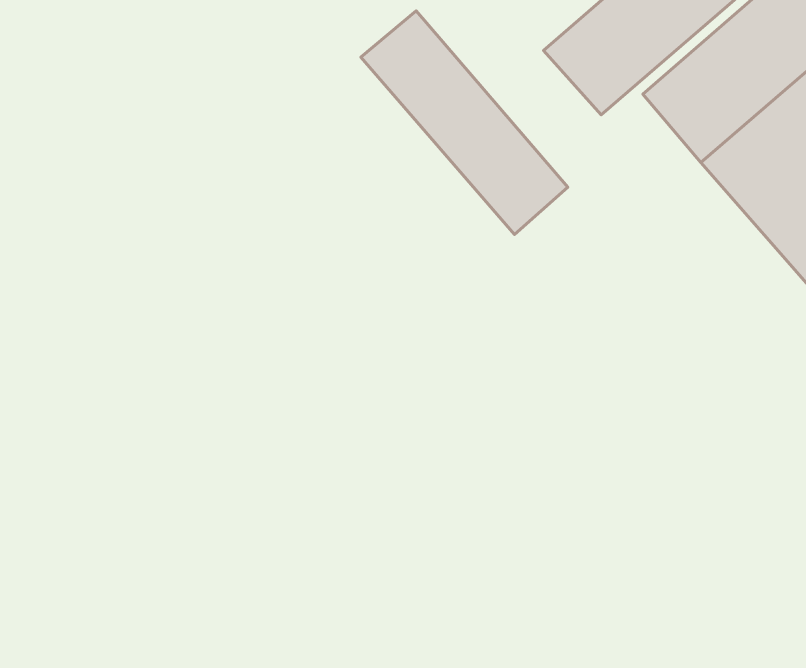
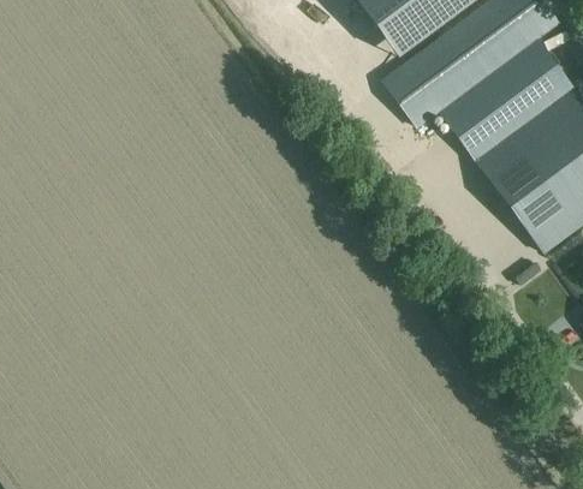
building: [361,11,568,235] -> none

